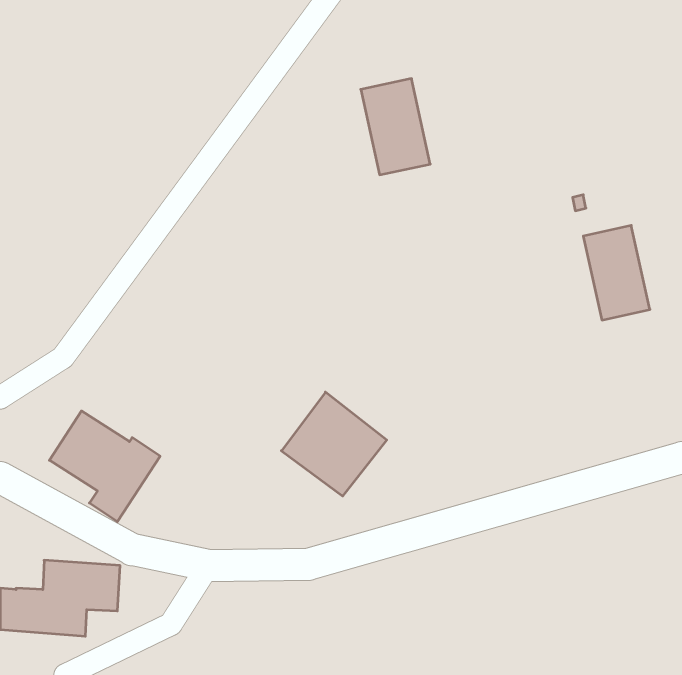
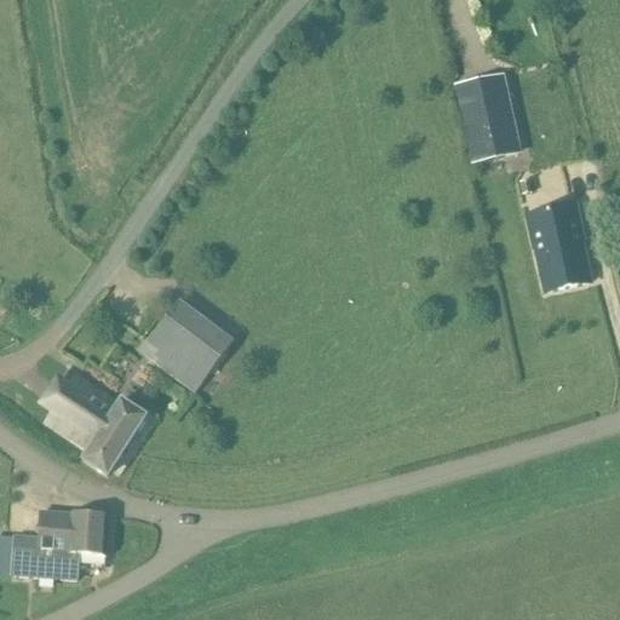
building: [361,79,430,175] -> [455,71,518,159]
building: [281,392,387,496] -> [138,297,234,391]

